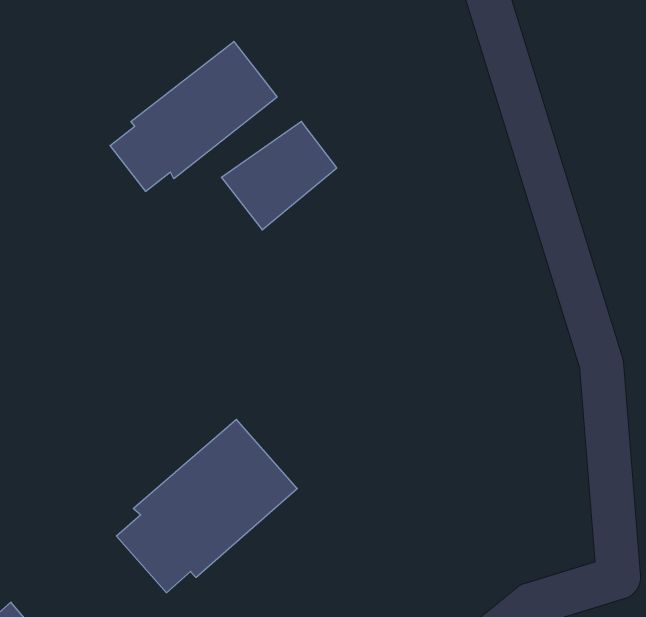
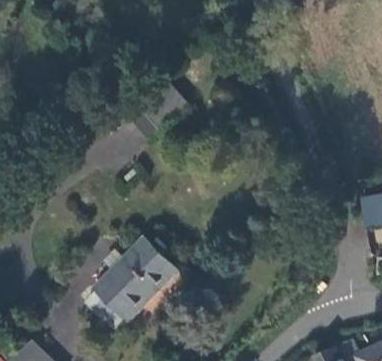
building: [110,41,277,191] -> none

